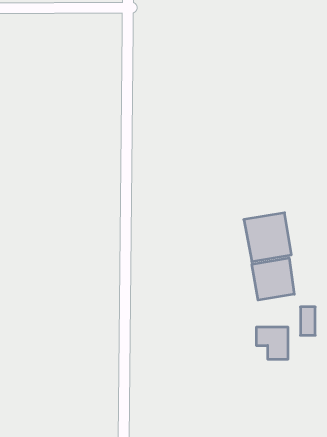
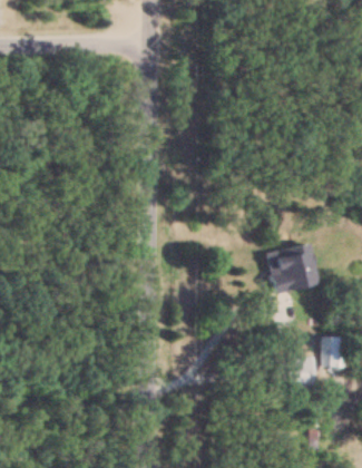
building: [252,258,294,300] -> none

